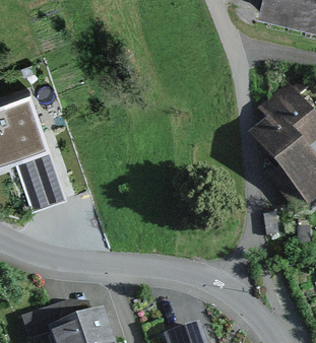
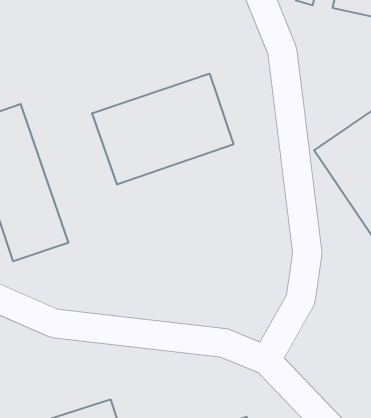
building: none -> [92,74,233,185]

